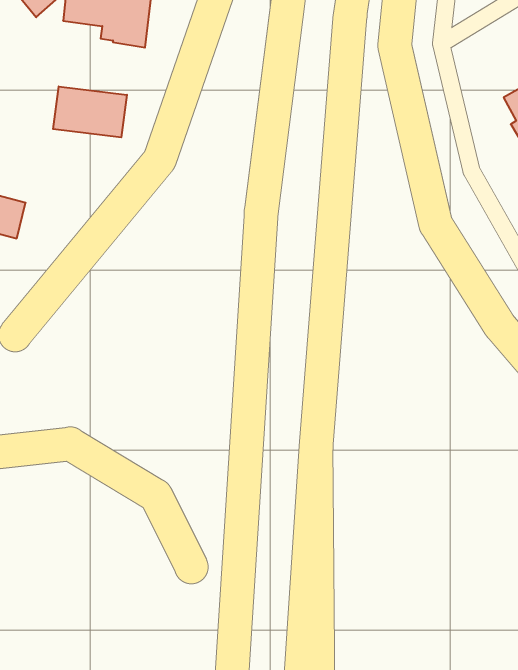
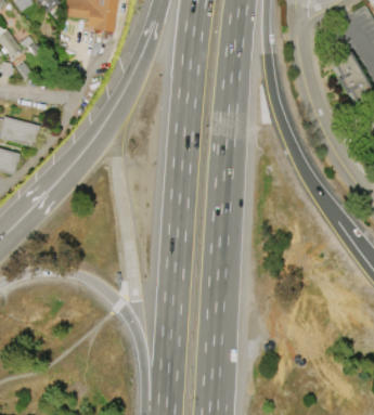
building: [53,86,127,137] -> none

